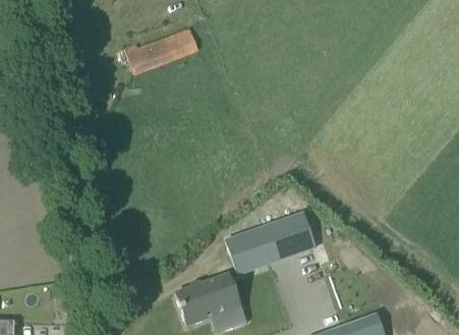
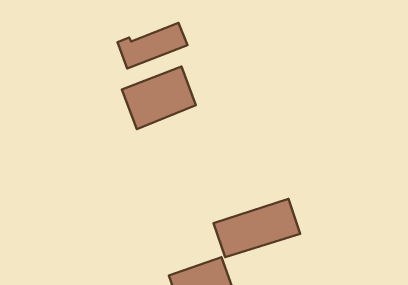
building: none -> [122,66,196,129]

